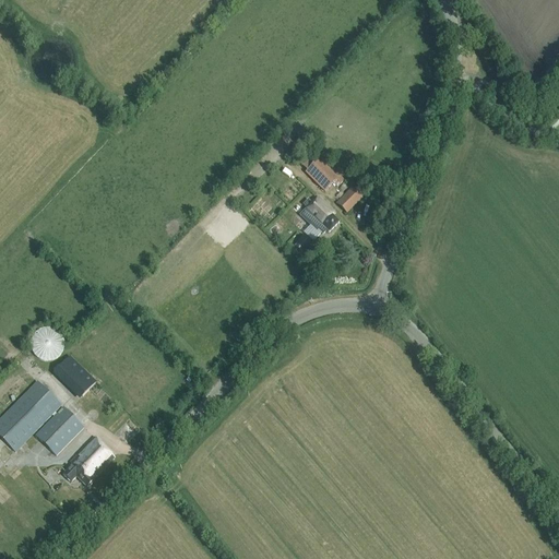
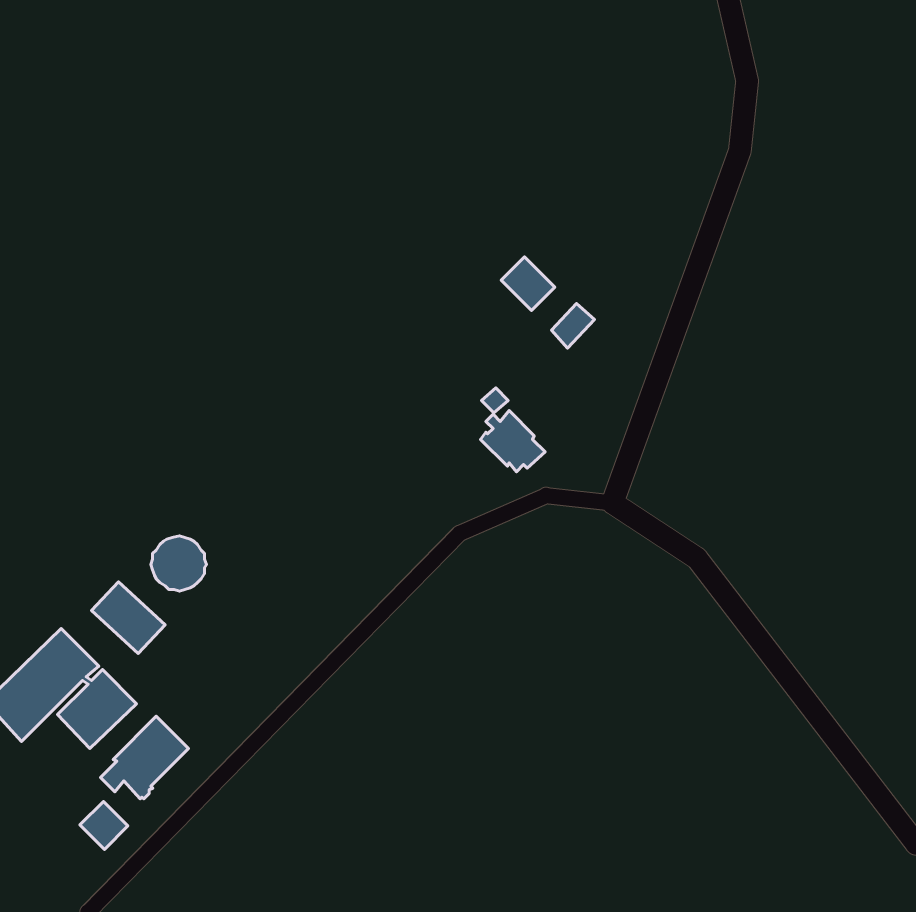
building: [299,195,338,233] -> [480,411,545,472]
building: [29,326,63,360] -> [151,536,206,591]
building: none -> [80,801,128,849]

